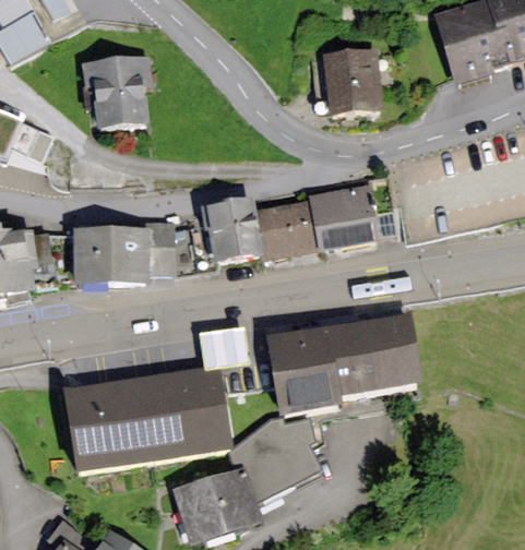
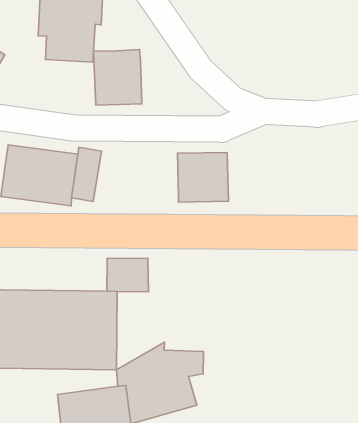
building: [329,47,386,113] -> none
building: [310,186,375,249] -> none
building: [204,194,265,262] -> [94,49,142,105]
building: [266,315,419,420] -> none

